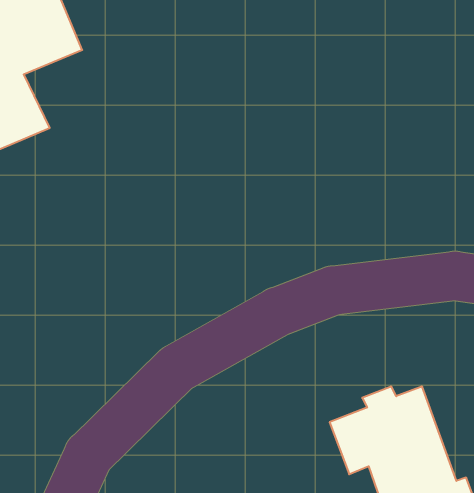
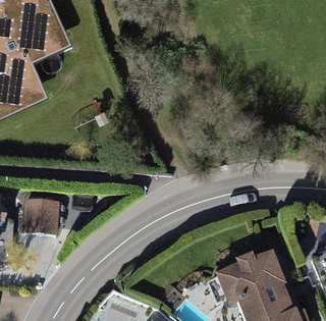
building: none -> [20,201,58,237]

